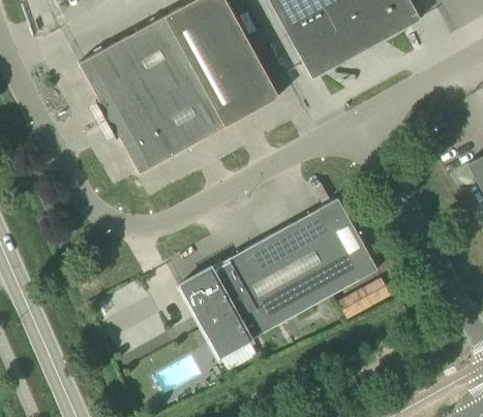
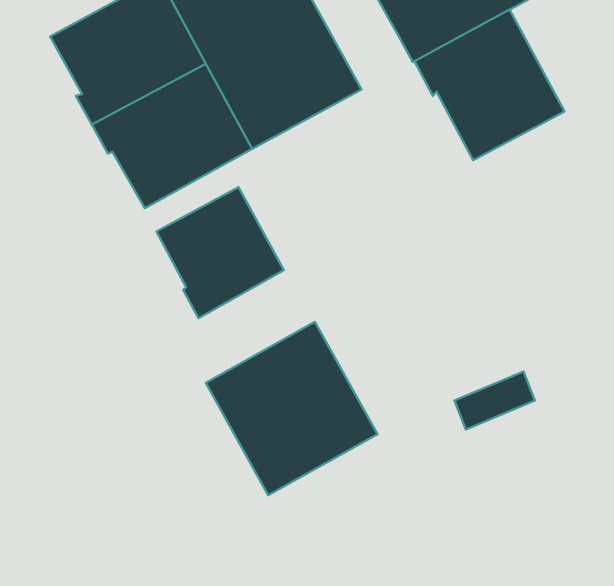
building: none -> [415,10,565,160]
building: none -> [157,187,284,318]
building: [249,197,378,318] -> none

